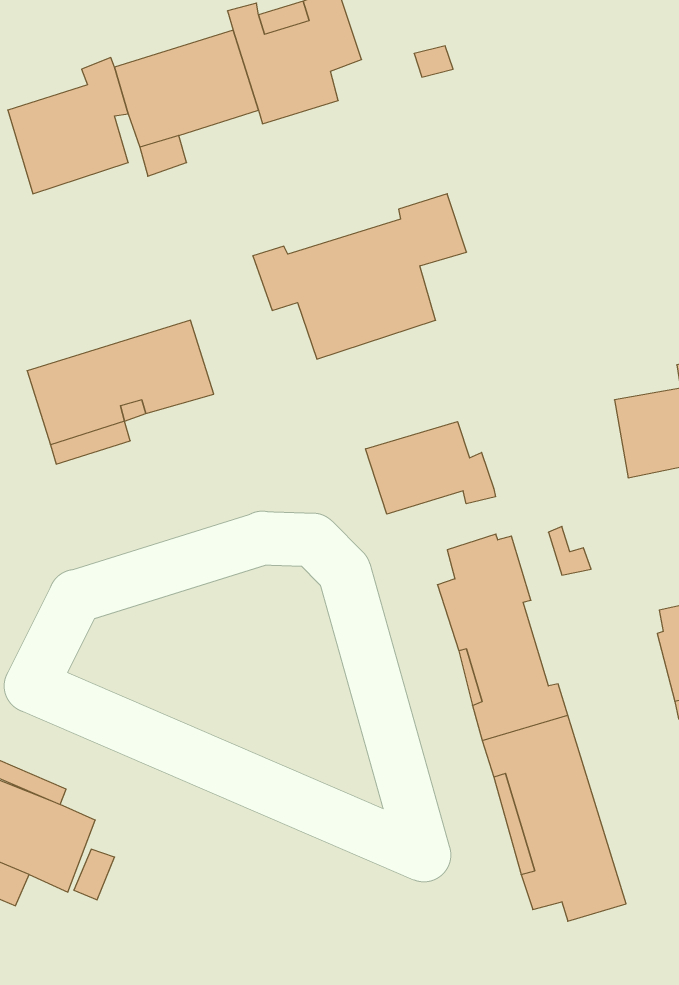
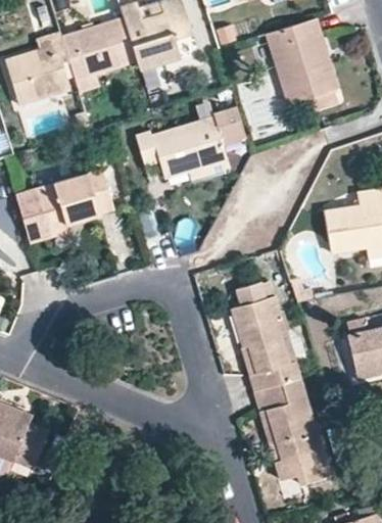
building: none -> [265,18,338,110]
building: [366,422,495,514] -> none

